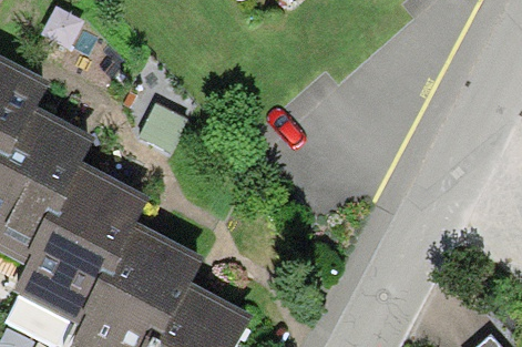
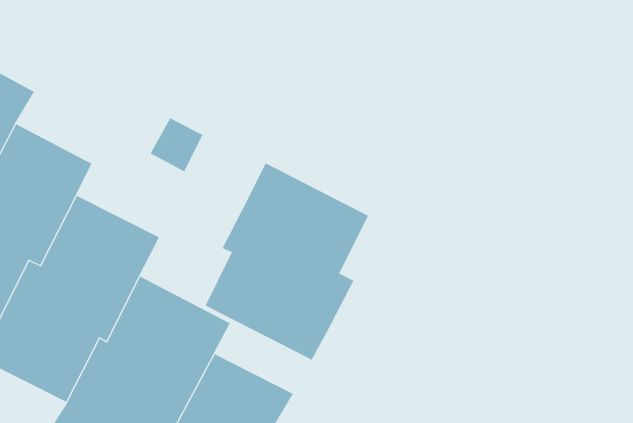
building: none -> [205,162,369,361]

